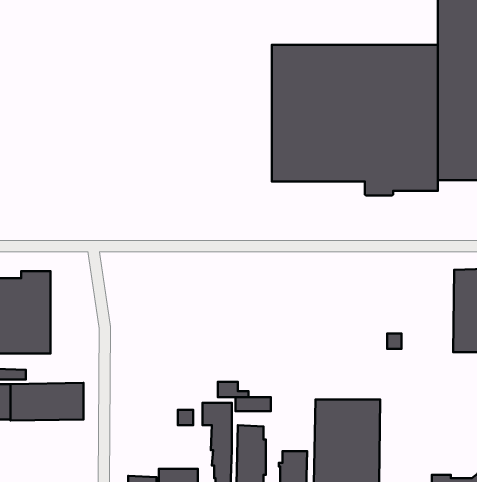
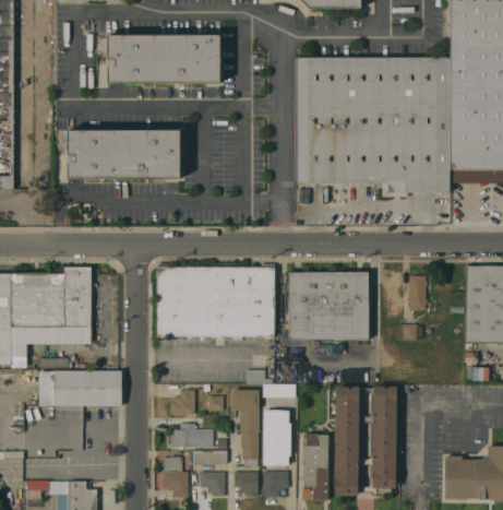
building: none -> [108,35,220,83]
building: none -> [67,130,180,178]
building: none -> [157,266,274,336]
building: none -> [288,272,368,339]
building: none -> [409,275,427,309]
building: none -> [170,390,194,416]
building: none -> [170,423,213,448]

